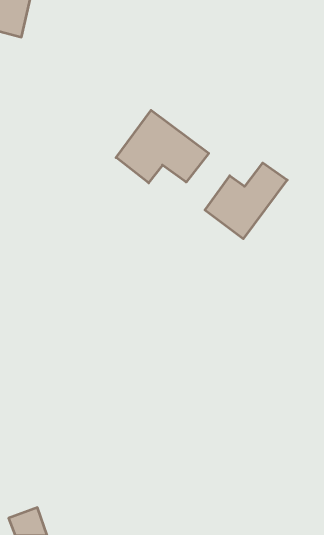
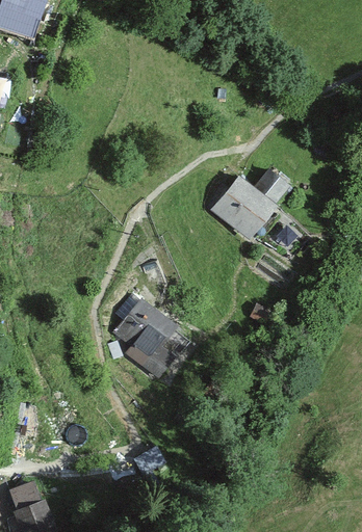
building: [116,110,209,183] -> none
building: none -> [113,301,188,374]

